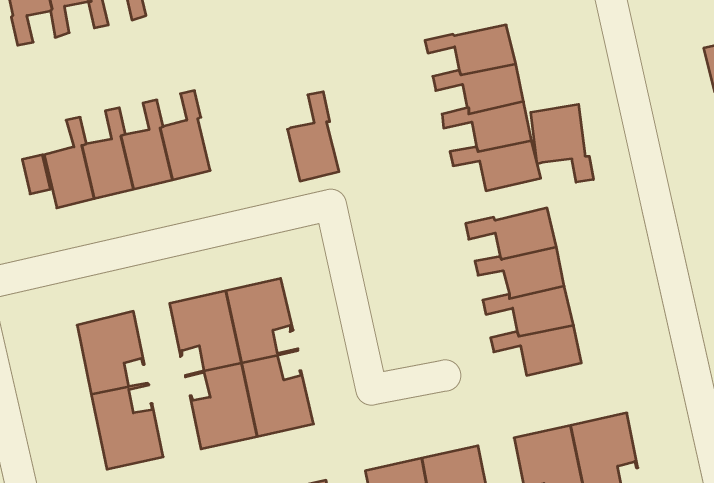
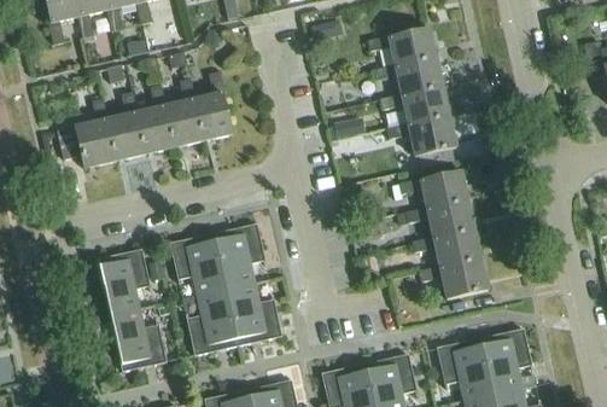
building: [287,92,339,181] -> [193,71,233,140]
building: [531,104,593,182] -> none

